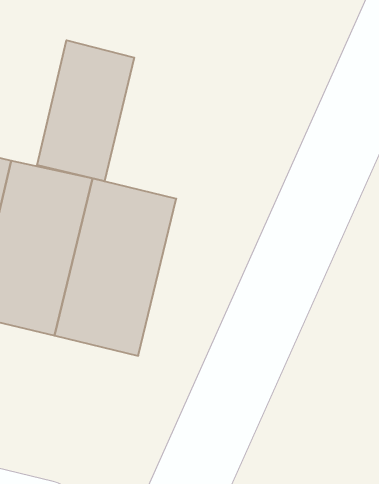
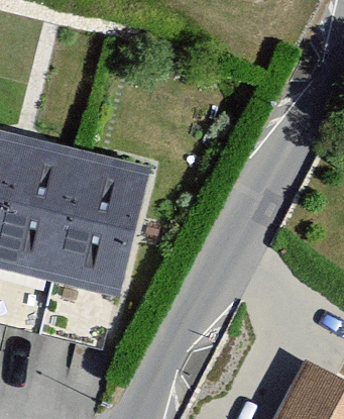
building: [37,40,134,181] -> none

